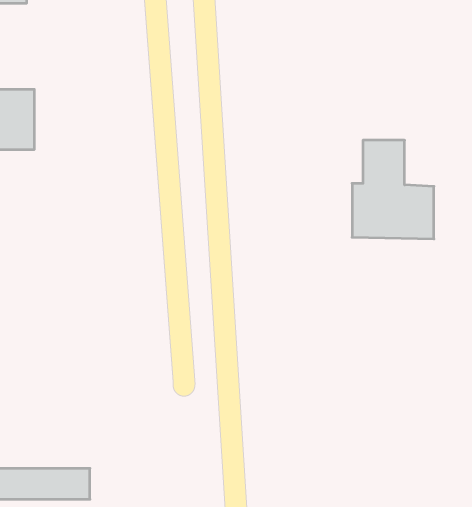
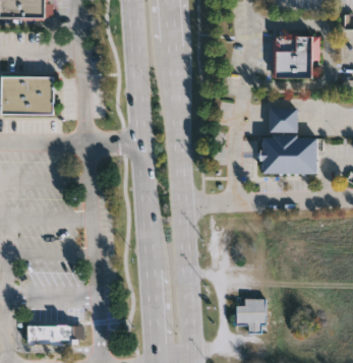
building: none -> [275,35,317,77]
building: none -> [235,300,264,335]

